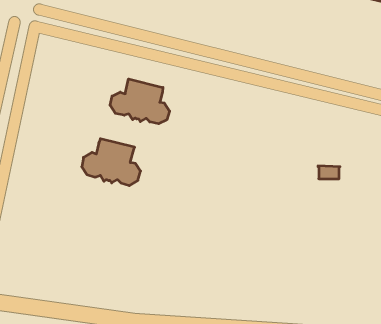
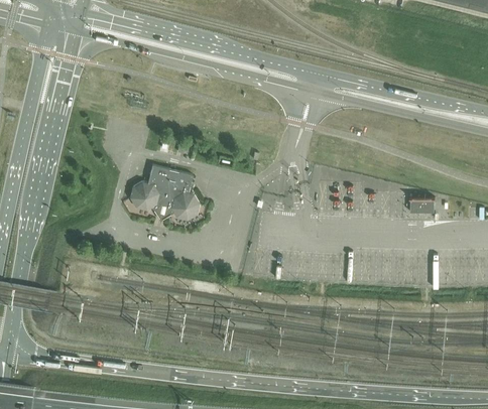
building: [110,79,170,124] -> none

